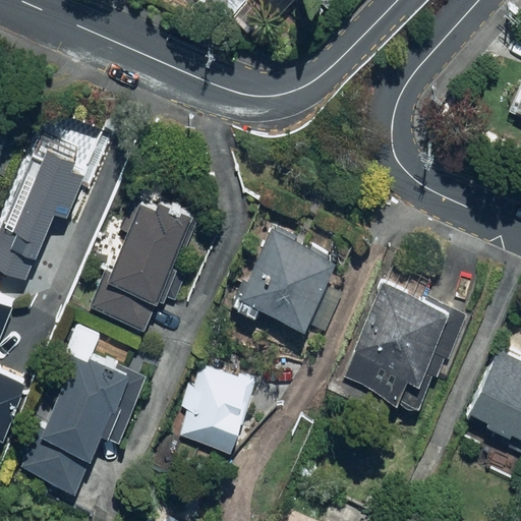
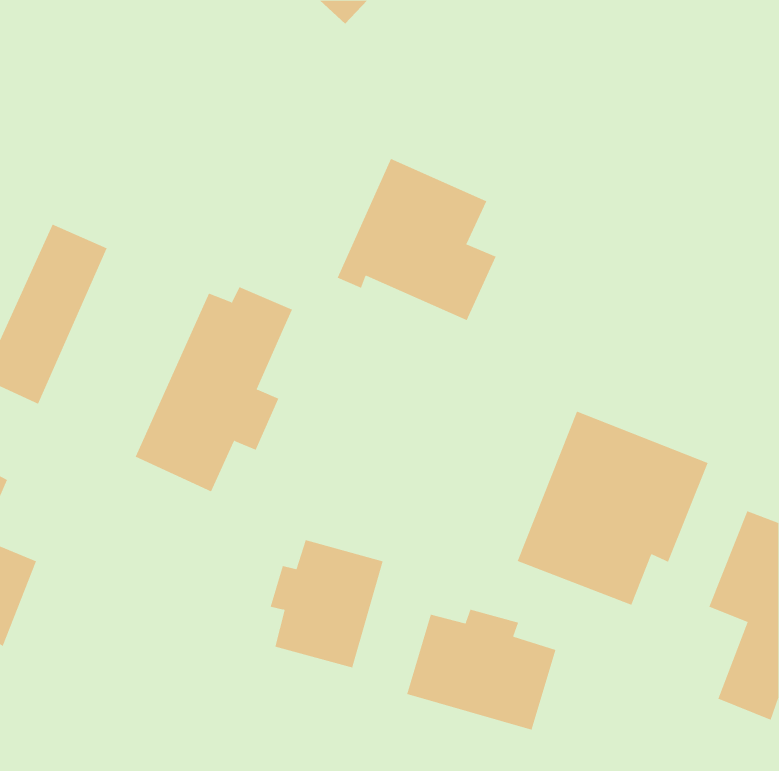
building: [235,228,341,336] -> [337,158,496,321]
building: [9,339,155,503] -> none
building: none -> [406,609,556,730]

